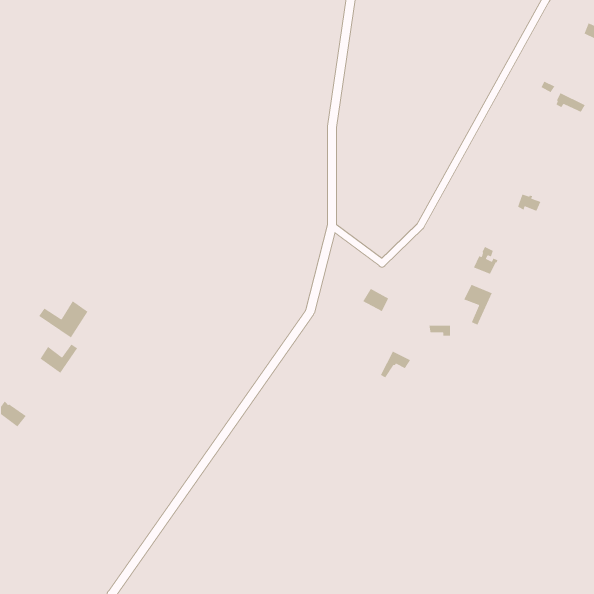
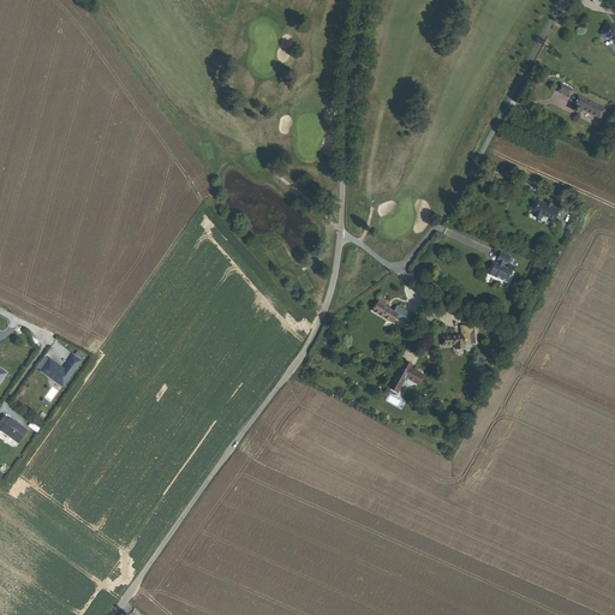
building: [463,284,493,326] -> none
building: [38,300,88,338] -> none

